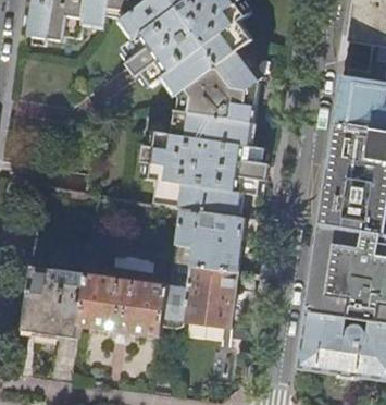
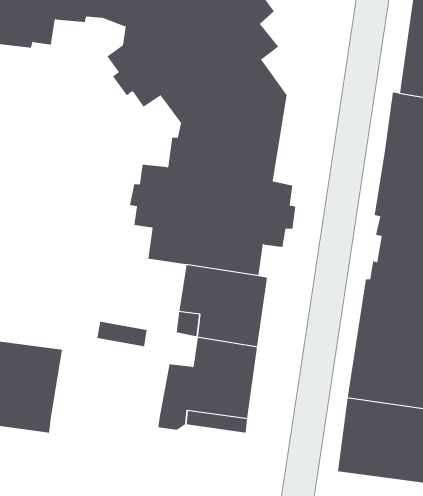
building: [77,272,167,335] -> none

